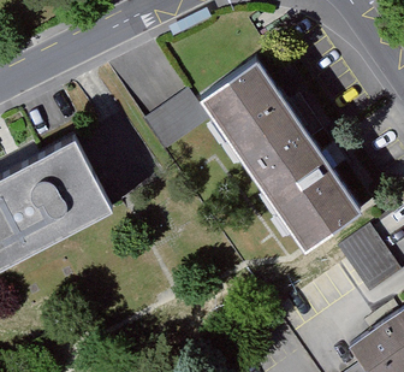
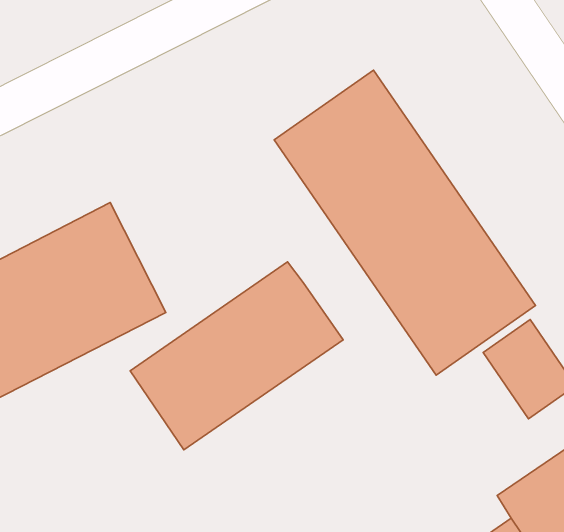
building: none -> [130,262,343,450]

